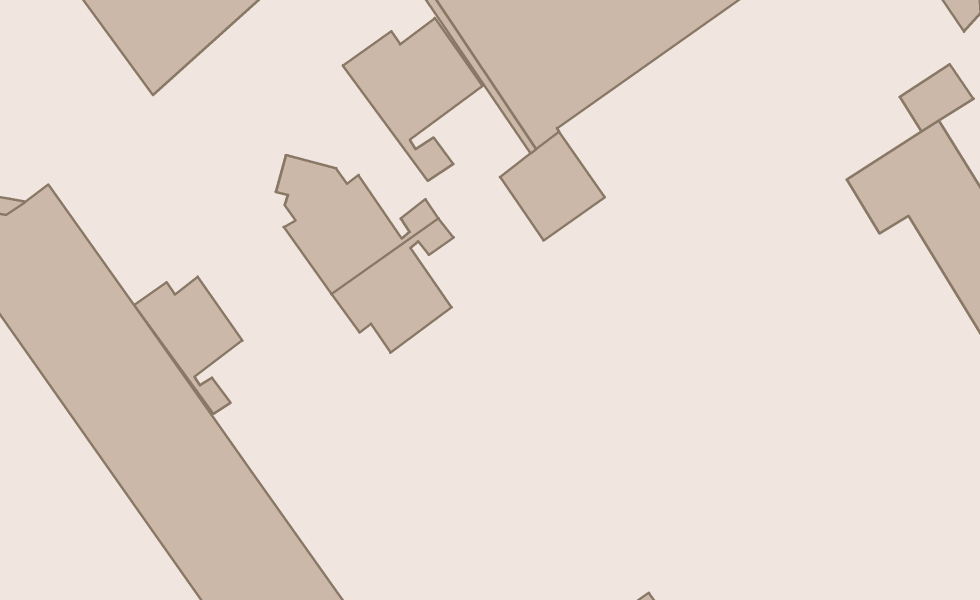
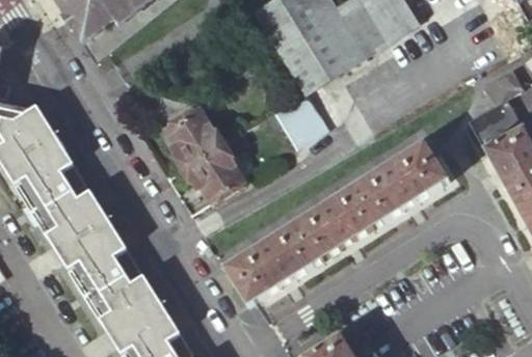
building: [343,18,482,181] -> none
building: none -> [223,141,447,303]
building: [134,277,242,414] -> none

